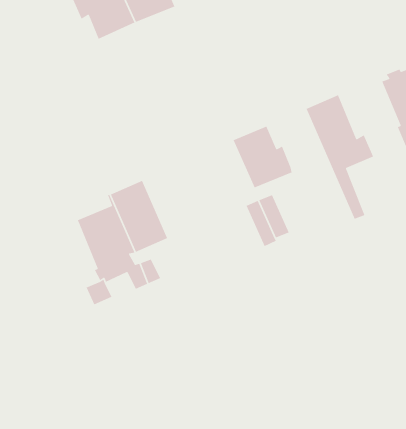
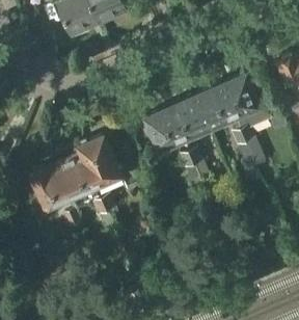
building: none -> [194,83,257,168]
building: none -> [145,106,185,152]
building: none -> [30,164,71,211]

